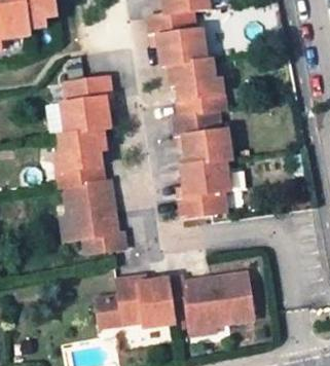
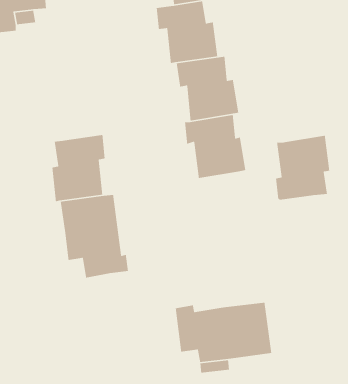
building: [63,74,112,133] -> none
building: [180,160,228,218] -> [275,135,330,200]
building: [95,279,173,327] -> none

